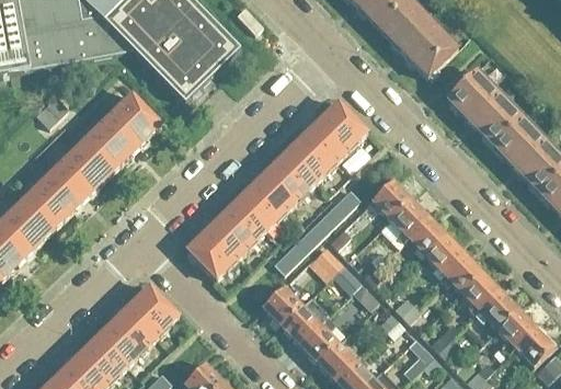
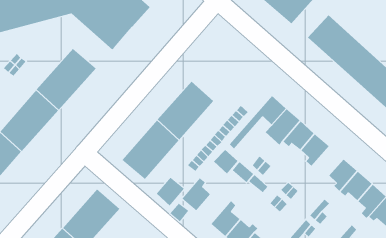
building: [288,100,368,179] -> none
building: [440,251,484,290] -> none
building: [282,304,321,343] -> [156,177,185,206]

